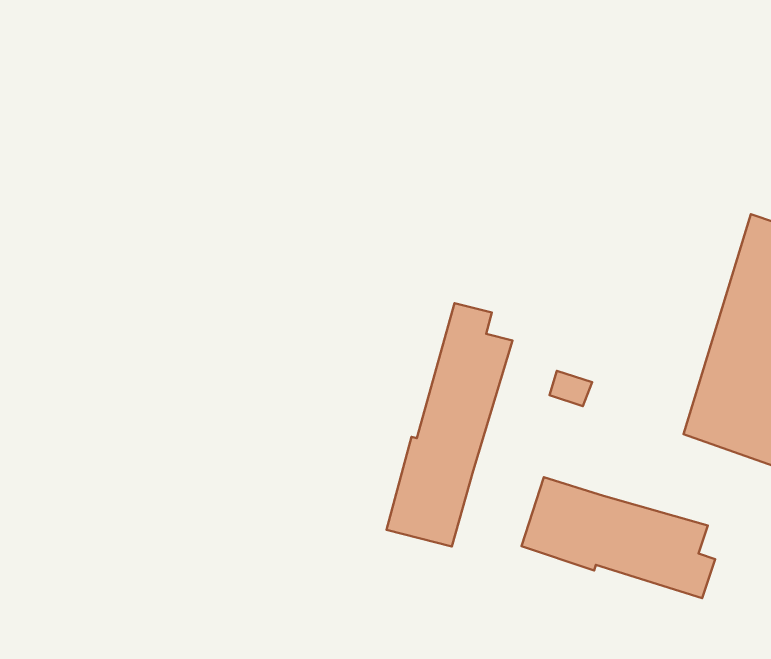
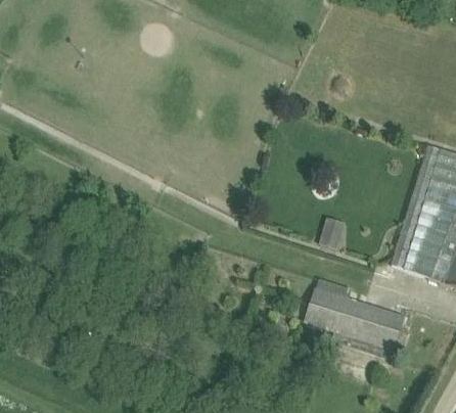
building: [386,303,513,547] -> none

